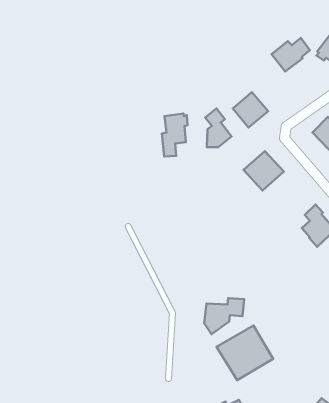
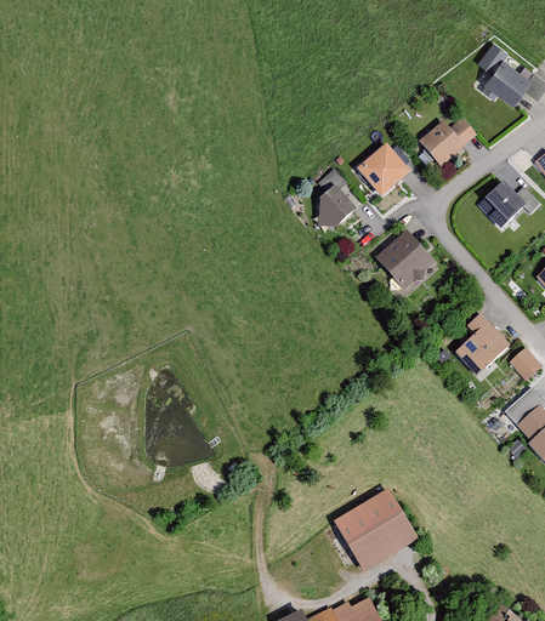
building: [271,38,310,71] -> [419,118,476,167]
building: [162,114,187,156] -> none
building: [204,298,244,334] -> none

